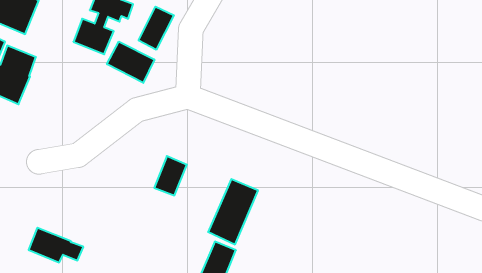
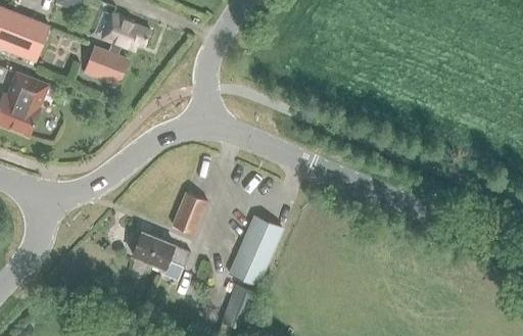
building: [139,7,174,50] -> none
building: [107,42,154,83] -> none
building: [29,228,83,262] -> [132,232,190,269]

